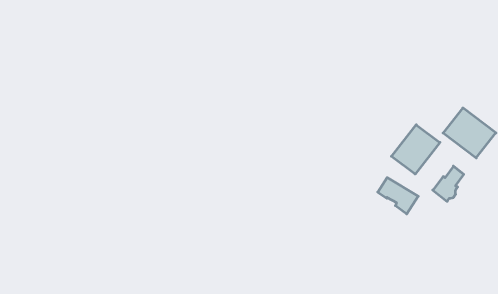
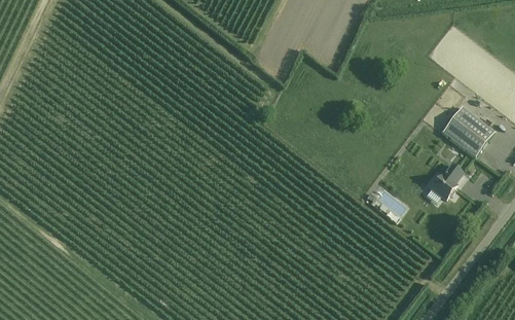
building: [391,125,440,174] -> none

